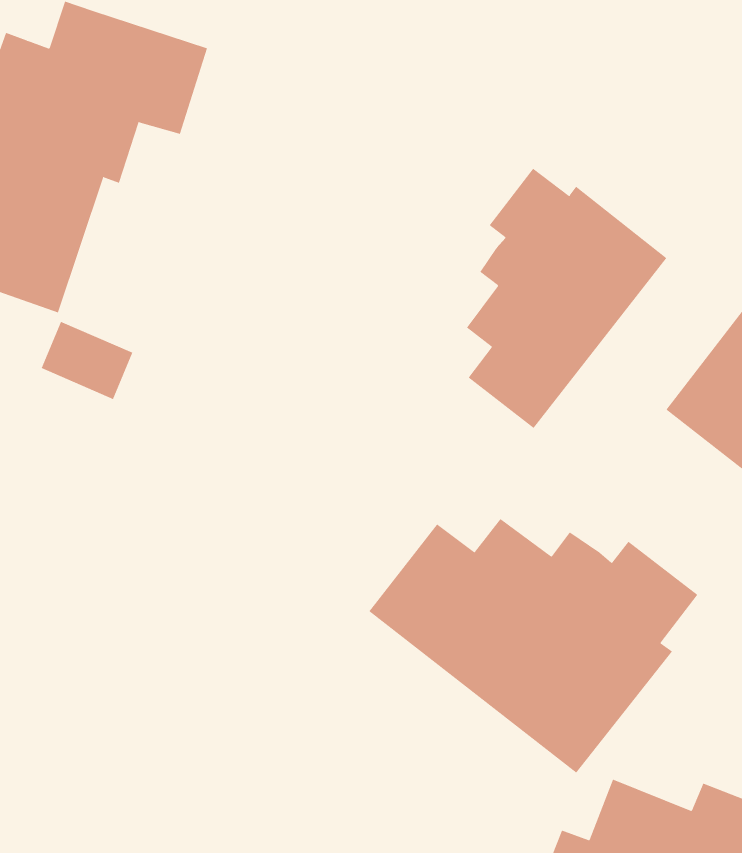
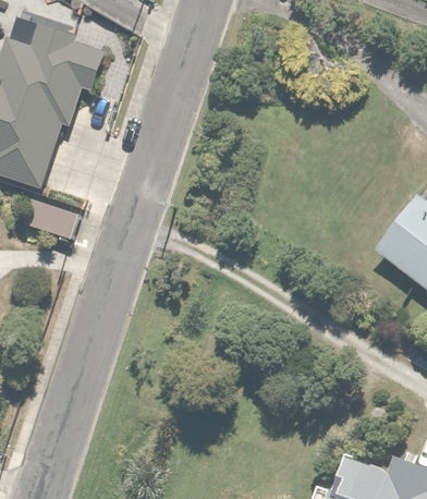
building: [466,168,667,429] -> none
building: [369,518,698,774] -> none

